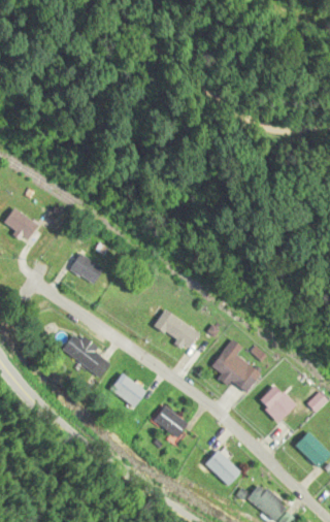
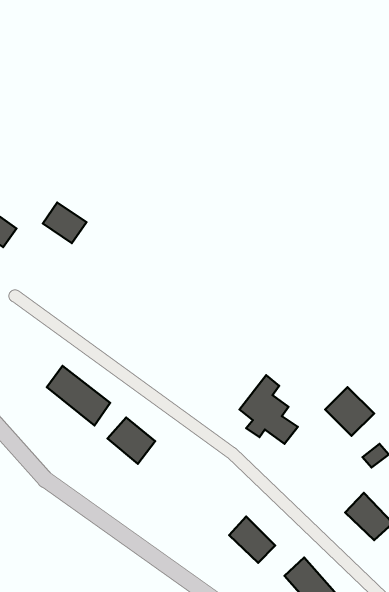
building: [70,253,104,285] -> [43,202,86,243]
building: [164,315,200,349] -> none
building: [258,384,296,422] -> [325,387,374,436]
building: [152,403,188,437] -> none

